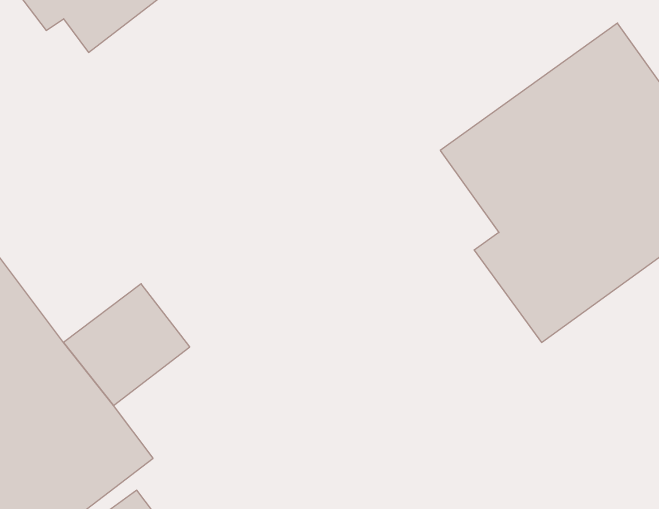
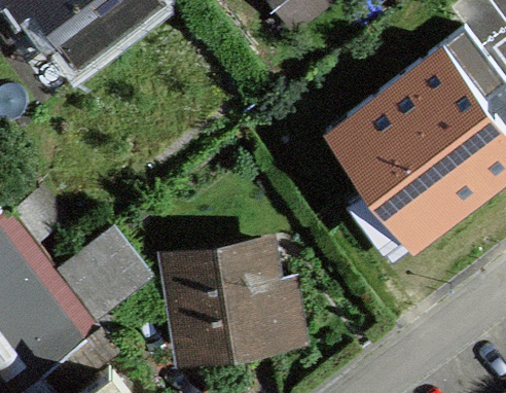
building: none -> [171,247,297,354]

